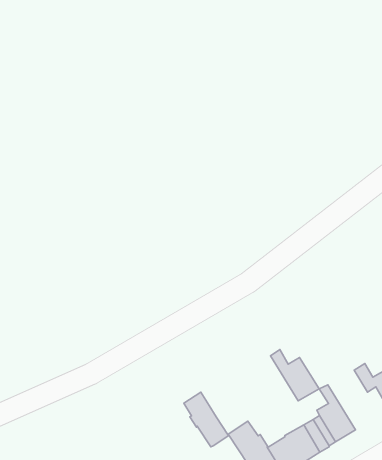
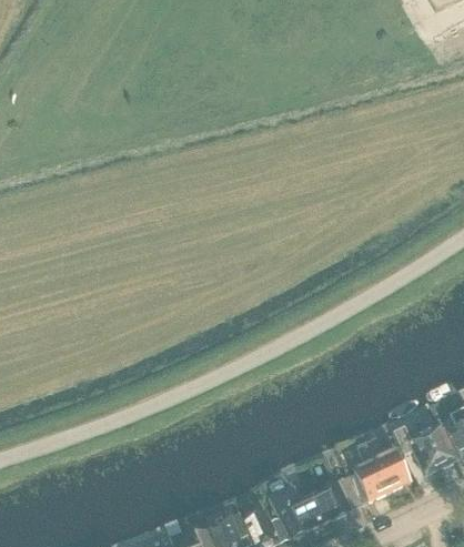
building: [271,349,319,401] -> [366,436,412,489]
building: [184,392,229,447] -> none

